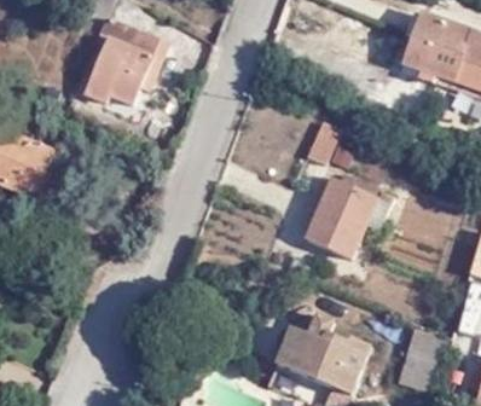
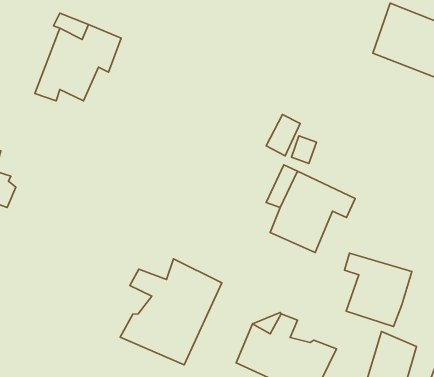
building: none -> [344,253,412,327]
building: none -> [120,259,222,365]

